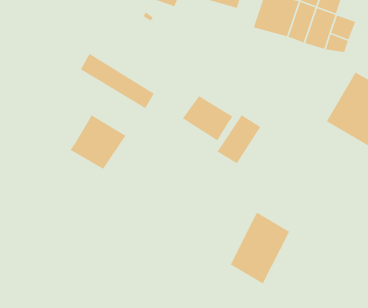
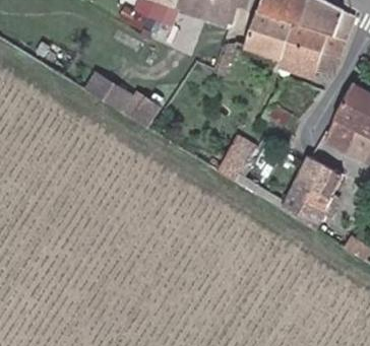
building: [182,95,233,141] -> none
building: [70,114,126,170] -> none
building: [230,212,290,284] -> [285,154,344,225]

